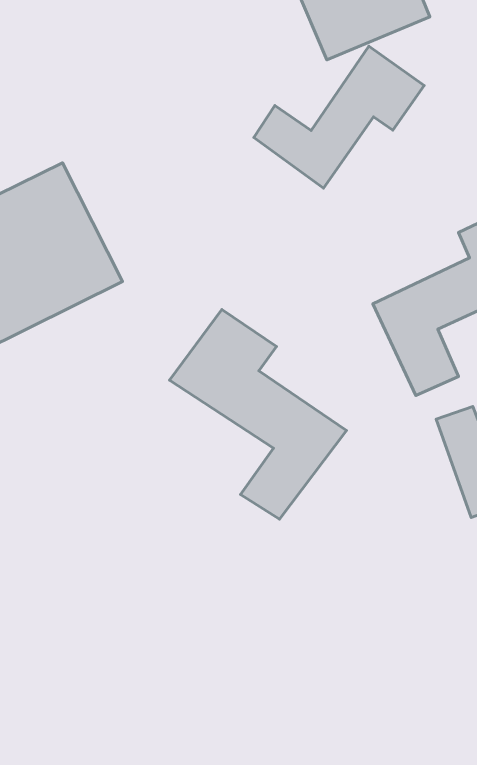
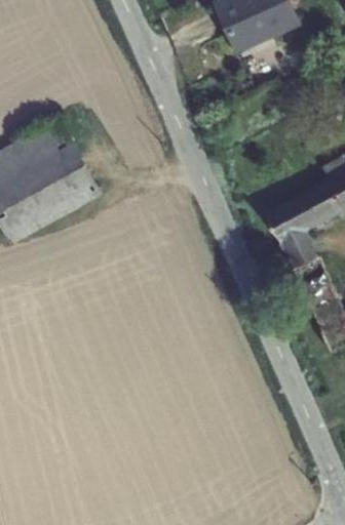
building: [254,46,424,188] -> none
building: [169,309,346,519] -> none

